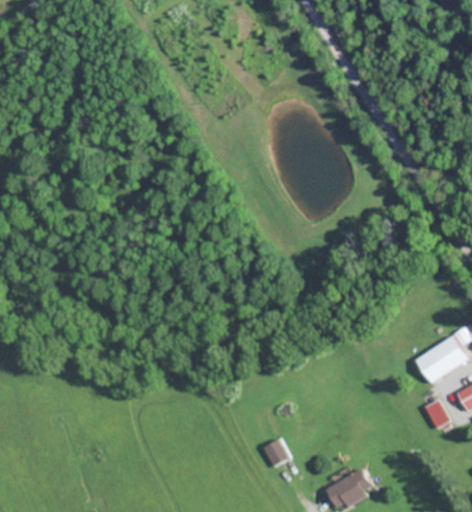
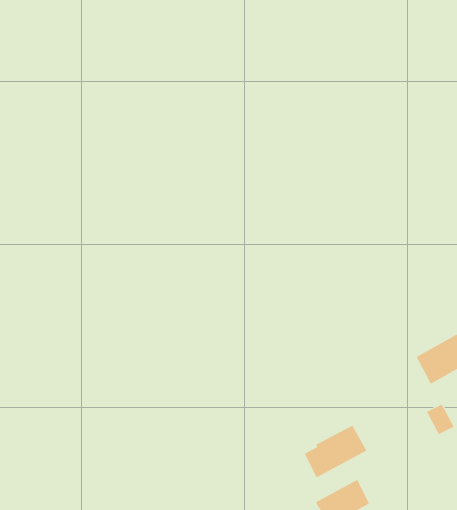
building: none -> [304,425,367,478]
building: [262,438,289,466] -> none

